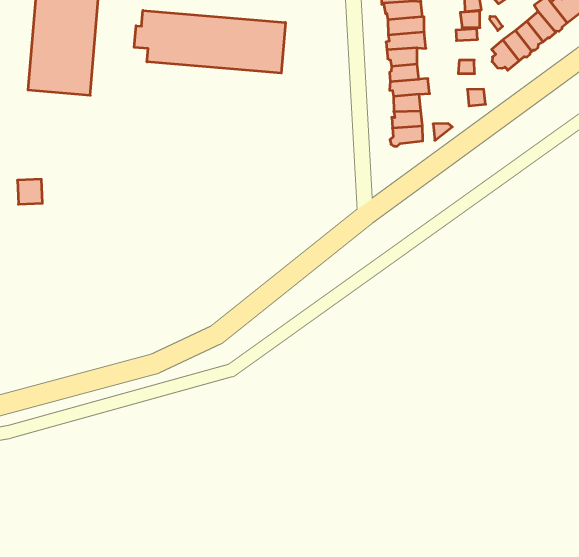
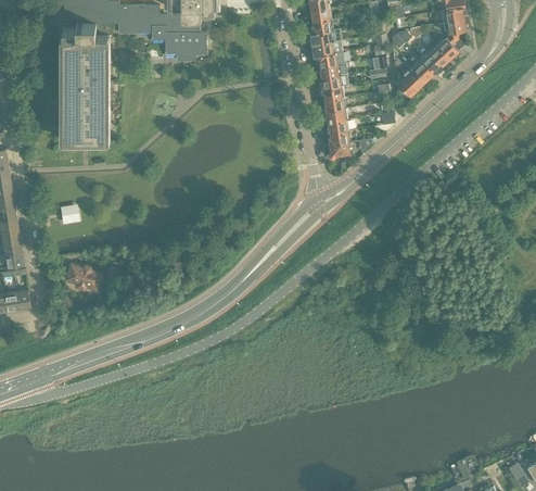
building: [134,10,285,73] -> none
building: none -> [65,264,103,291]

